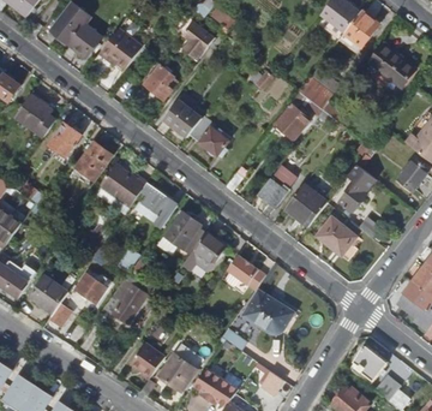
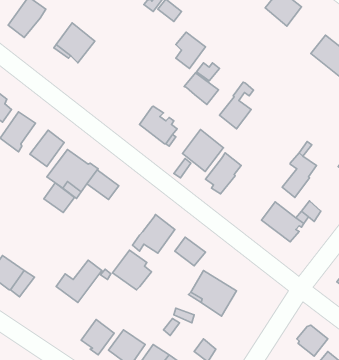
building: [343,11,379,47] -> none
building: [182,22,214,60] -> [176,32,205,69]
building: [67,24,101,58] -> none
building: [143,64,174,100] -> none
building: [298,77,334,111] -> [184,73,218,105]
building: [163,94,202,137] -> none
building: [284,183,328,227] -> [182,129,223,172]
building: [163,210,204,252] -> [113,250,151,290]
building: [76,267,108,298] -> [44,183,75,212]

